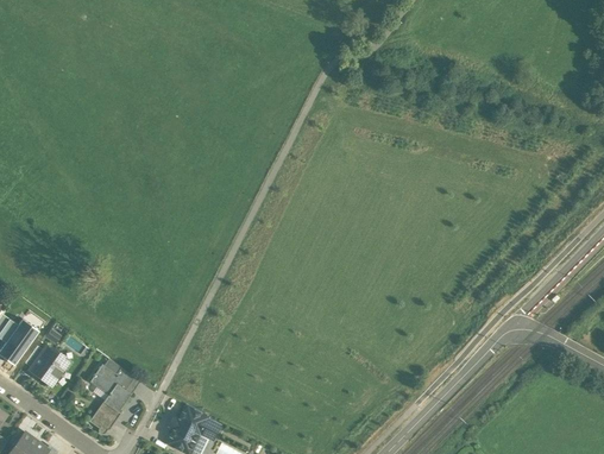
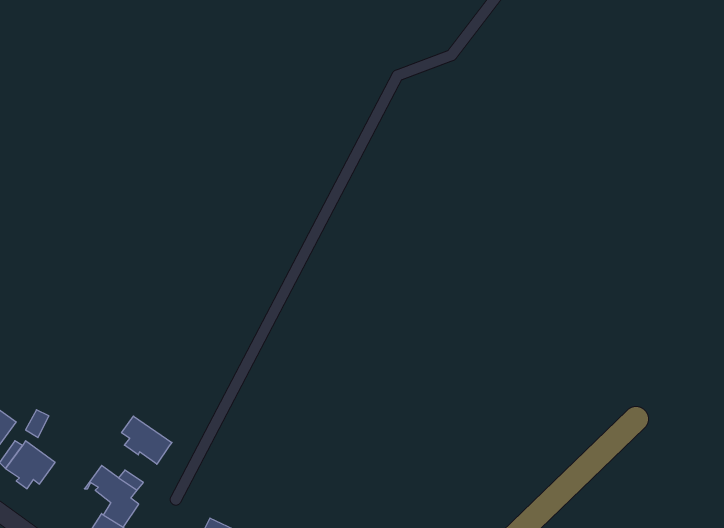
building: none -> [122,416,172,464]

